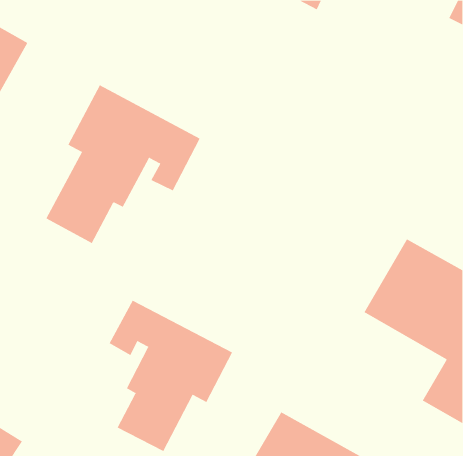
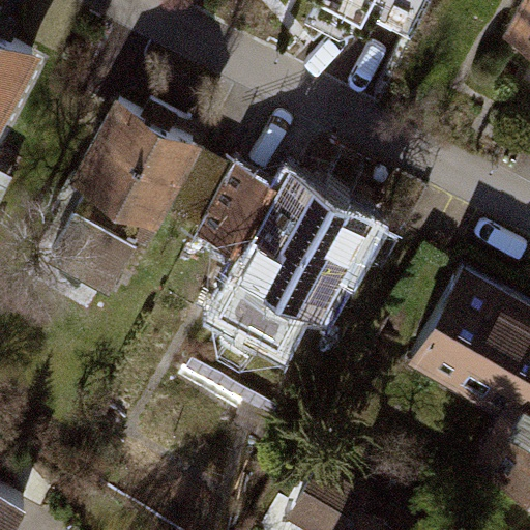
building: none -> [197,168,367,334]
building: [109,300,233,452] -> none

